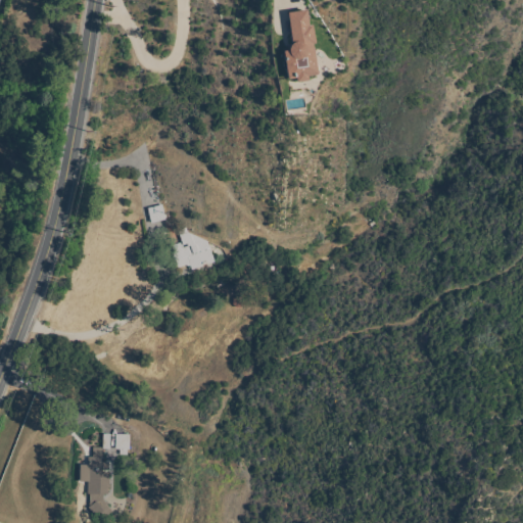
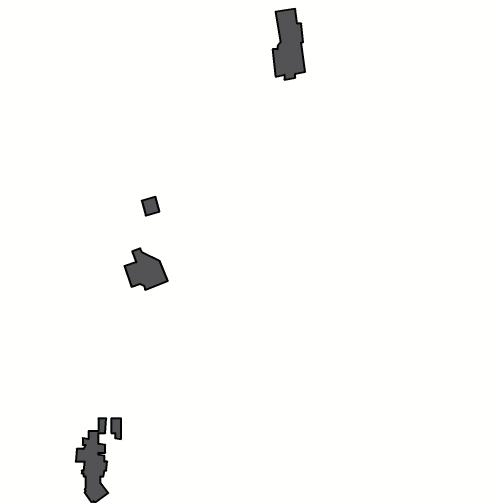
building: [172,228,217,271] -> [124,248,168,290]

